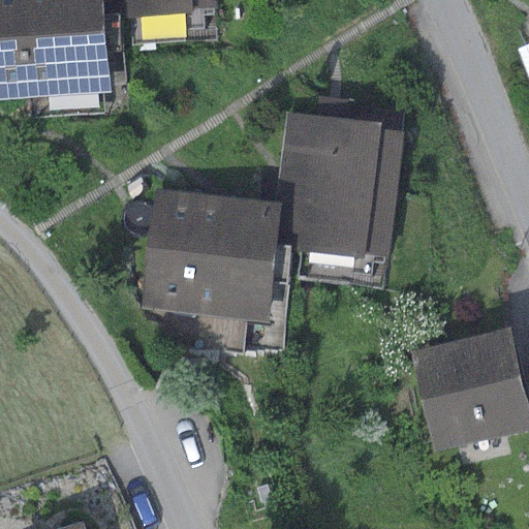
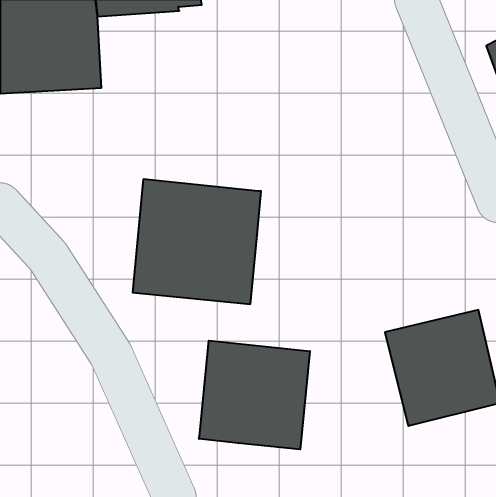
building: [275,113,402,258] -> none
building: none -> [199,341,310,449]

